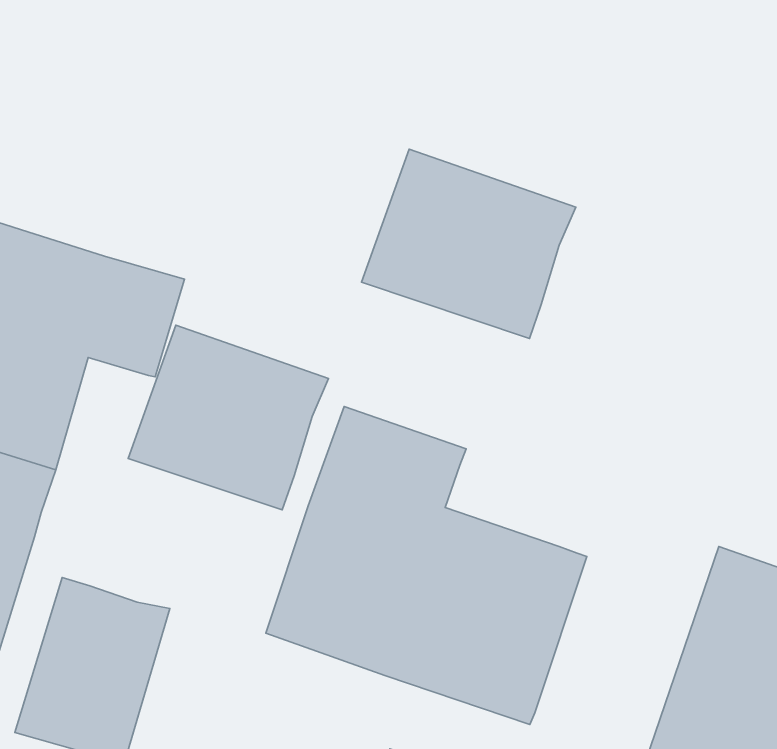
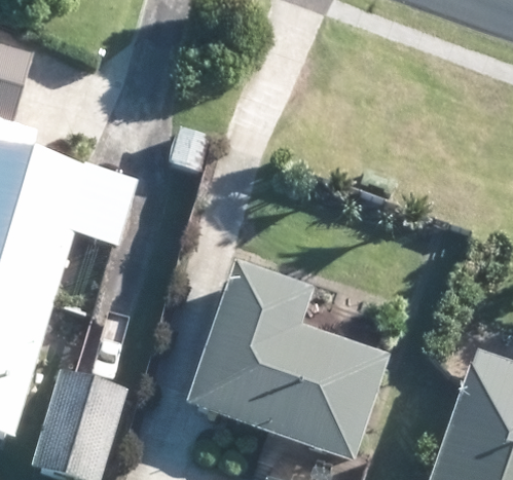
building: [362,149,576,339] -> none
building: [128,325,329,510] -> none

